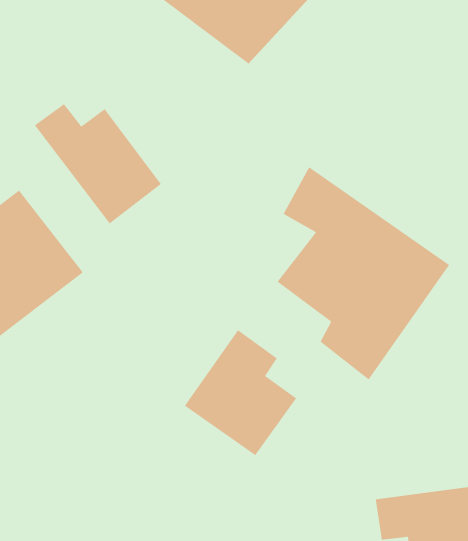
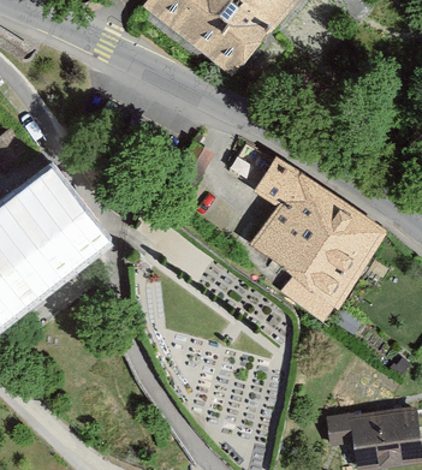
building: [34,103,162,225] -> none
building: [184,329,297,456] -> none

